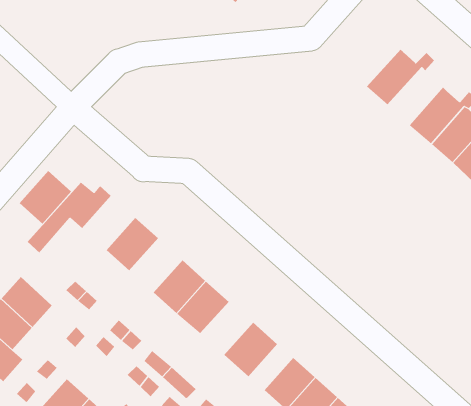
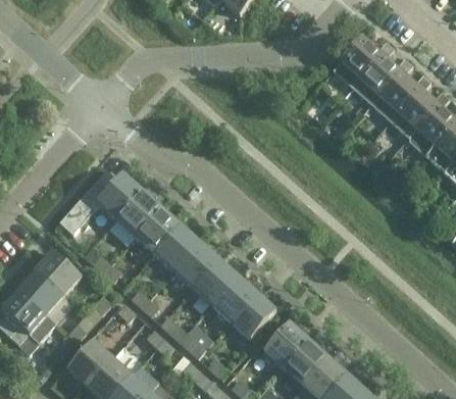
building: none -> [334,38,394,88]
building: none -> [371,71,432,121]
building: [19,170,72,224] -> [107,183,153,230]
building: none -> [148,219,194,266]
building: none -> [209,275,255,320]

